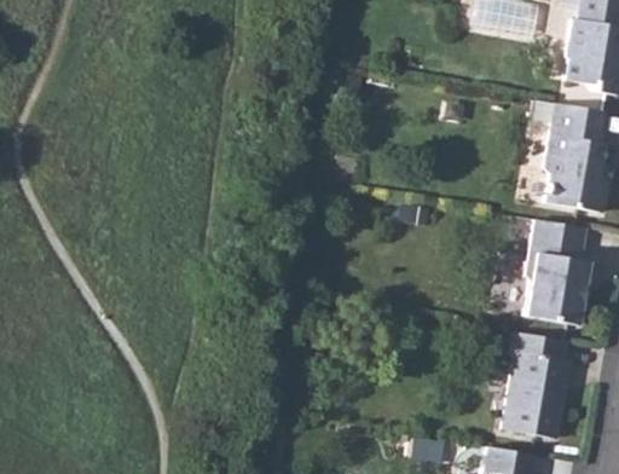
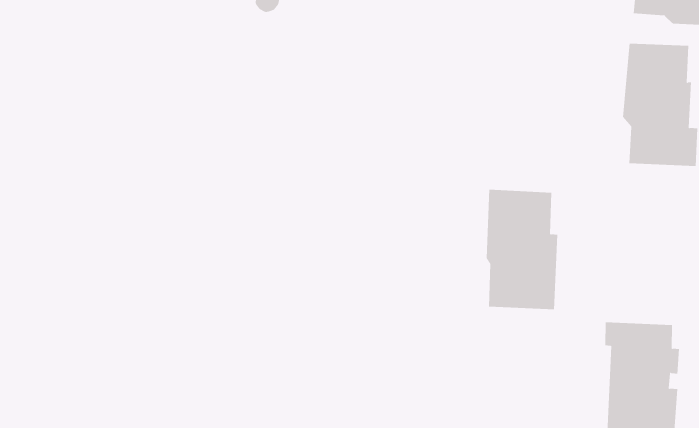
building: [523,218,588,323] -> [486,189,558,310]

